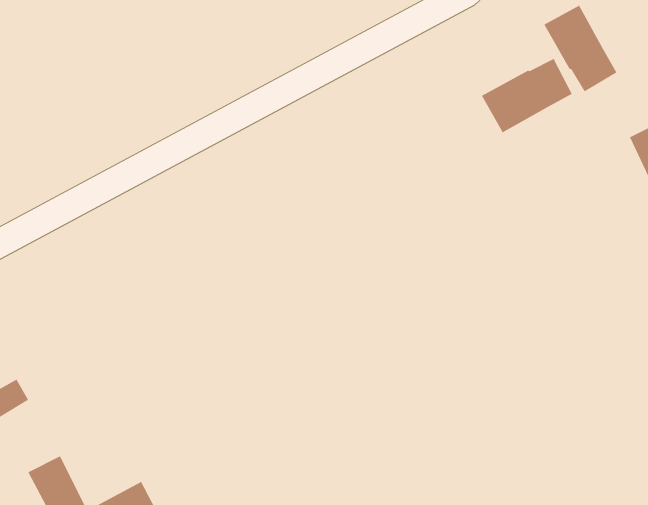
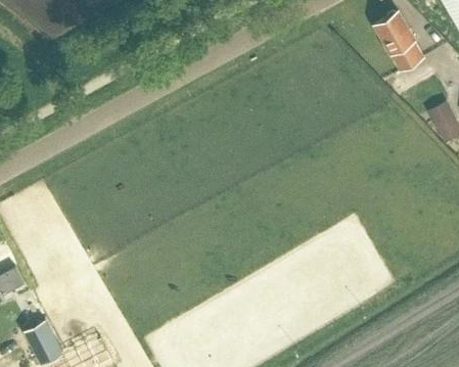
building: [481,58,573,133] -> none

